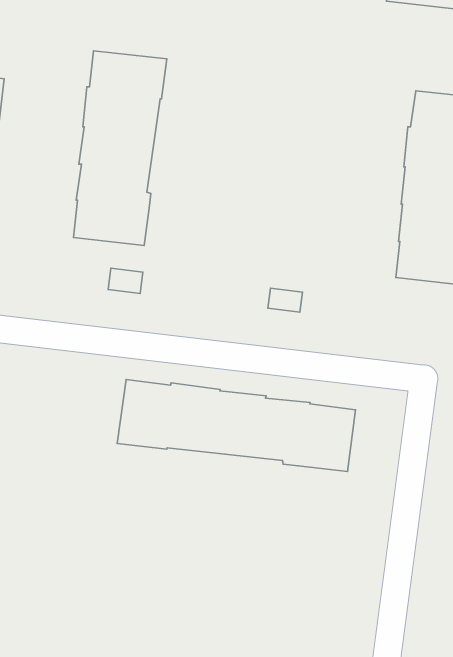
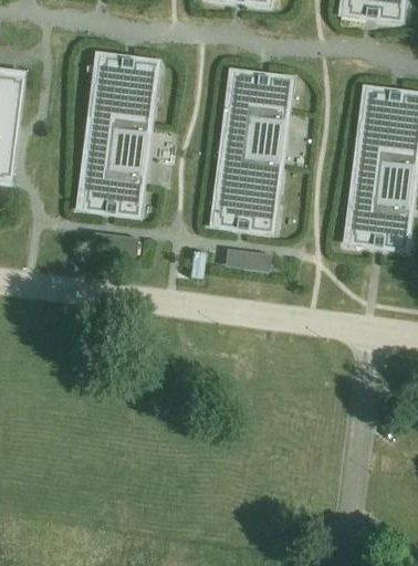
building: none -> [210,70,291,231]
building: [117,379,356,472] -> none

